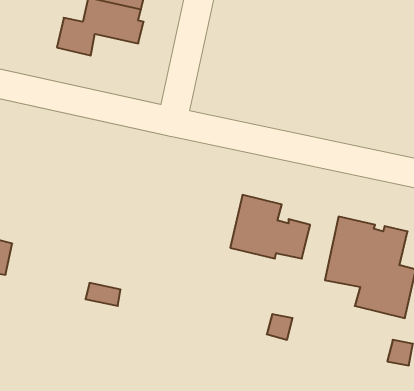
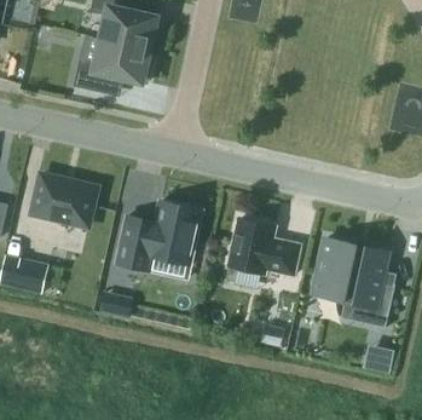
building: none -> [31,173,94,220]
building: none -> [115,200,200,269]

